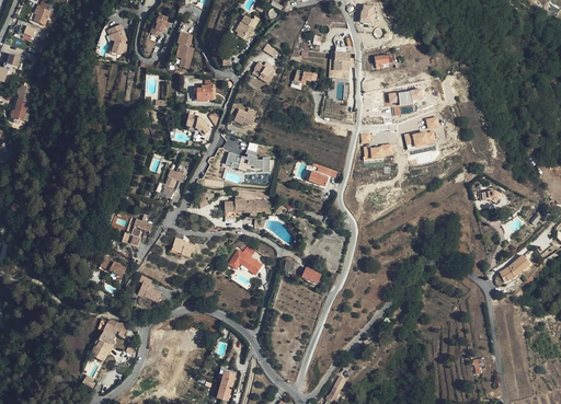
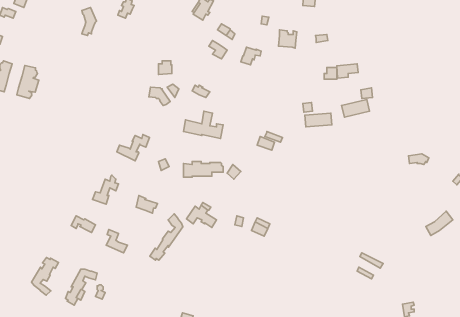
building: [175,32,193,69] -> none
building: none -> [17,66,39,99]
building: none -> [150,214,183,260]
building: none -> [32,258,59,295]

